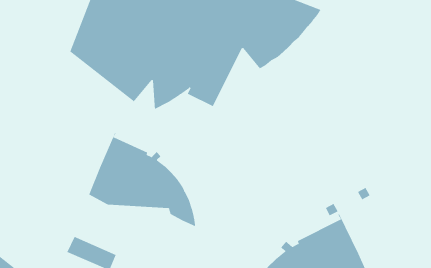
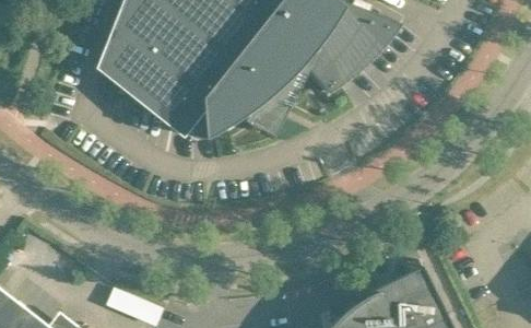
building: [88,132,196,227] -> none

